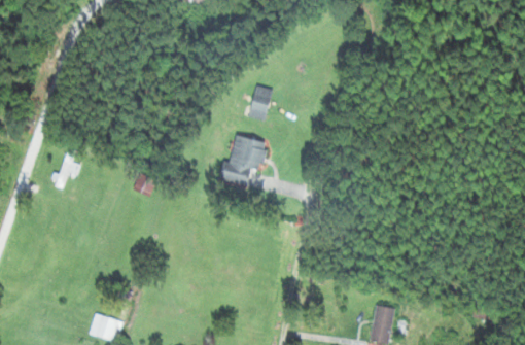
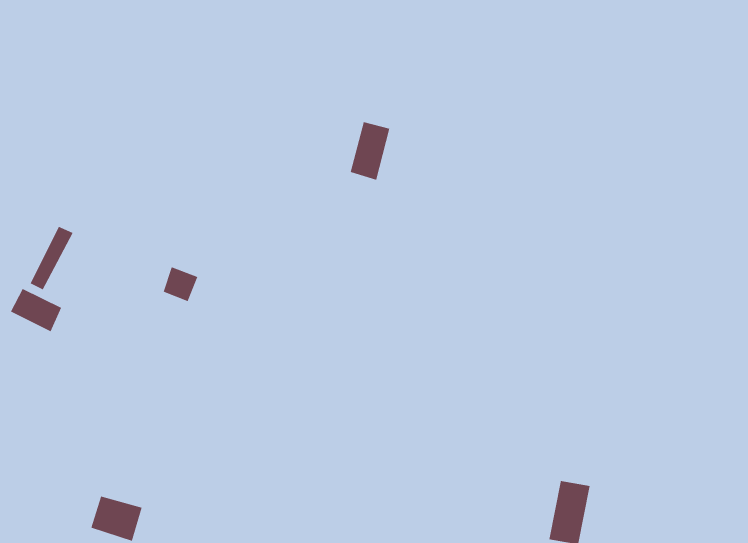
building: [223,135,267,184] -> none
building: none -> [10,288,62,332]

